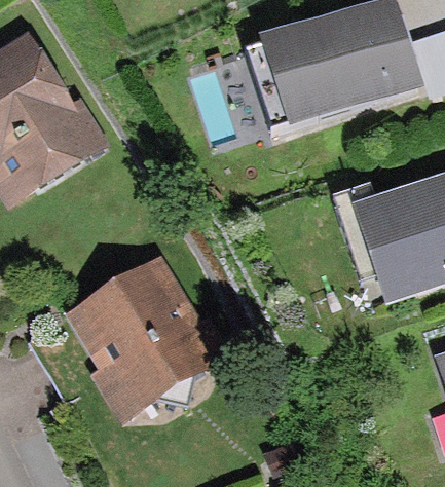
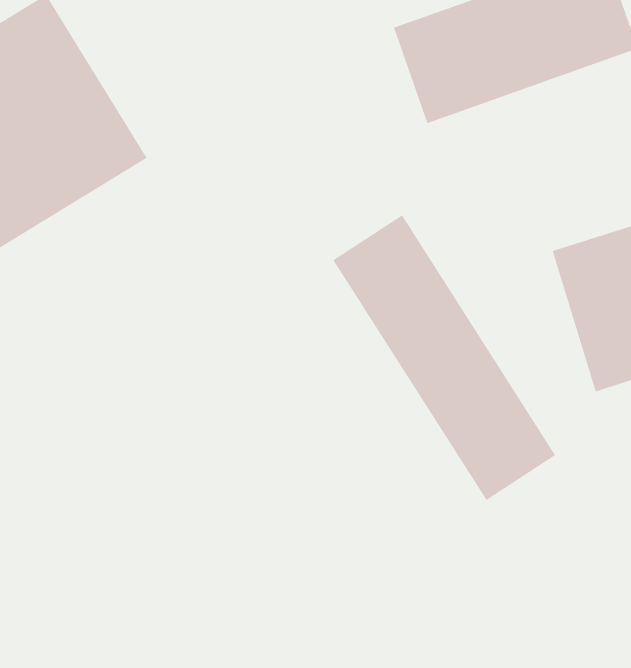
building: none -> [332,214,556,501]
building: [63,255,222,414] -> none

